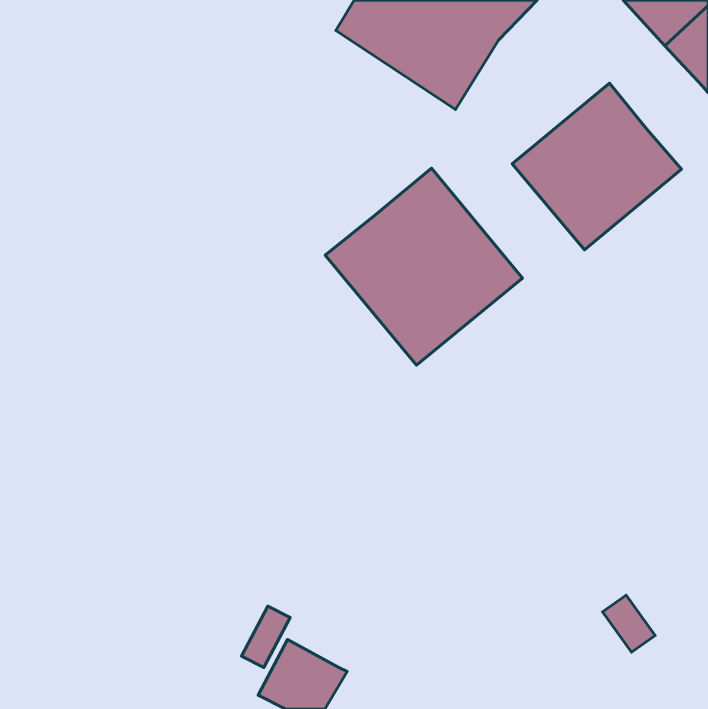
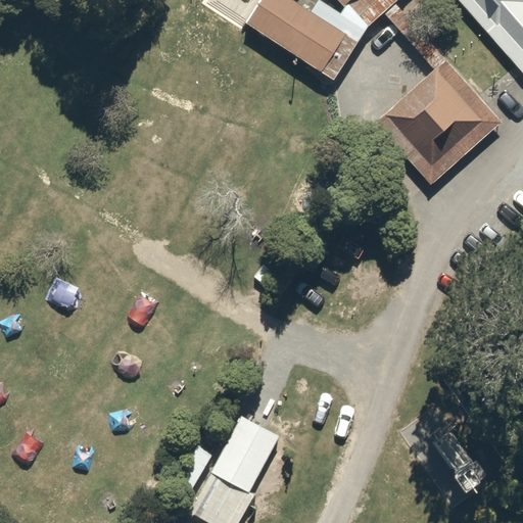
building: [325,168,523,365] -> none
building: none -> [211,415,280,491]

